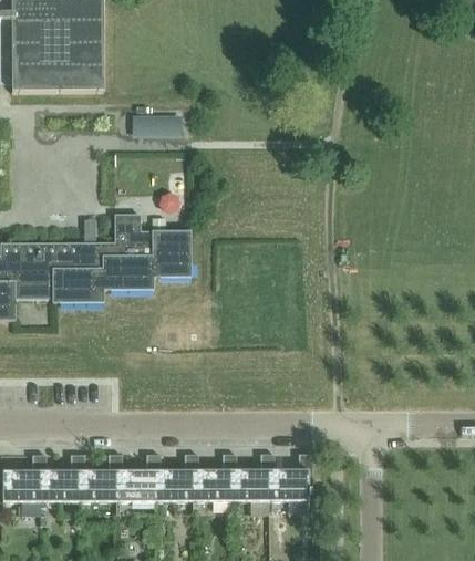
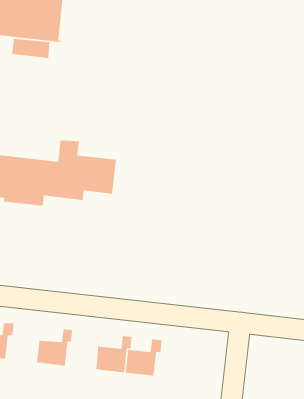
building: [133,114,182,136] -> [11,38,50,59]
building: [79,454,122,501] -> none
building: [155,454,198,501] -> none
building: [269,454,312,501] -> none

